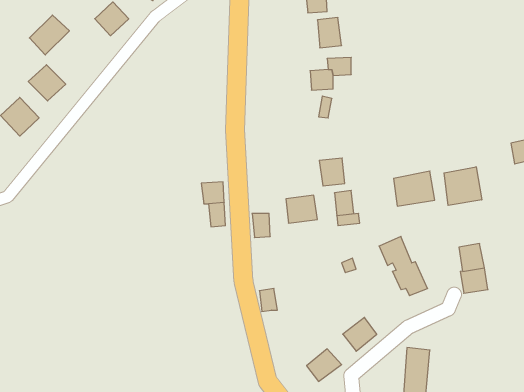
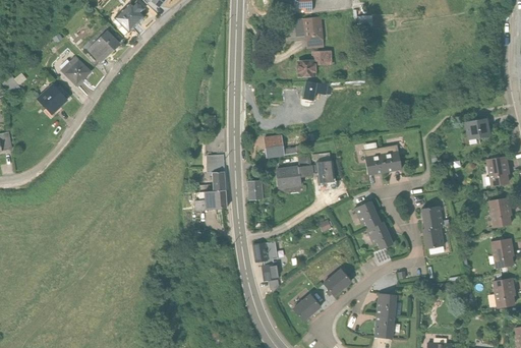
building: [29,15,69,55] -> [86,30,120,63]
building: [319,158,345,186] -> [263,134,284,158]
building: [444,167,482,205] -> none
building: none -> [204,190,227,210]
building: none -> [262,241,280,282]

